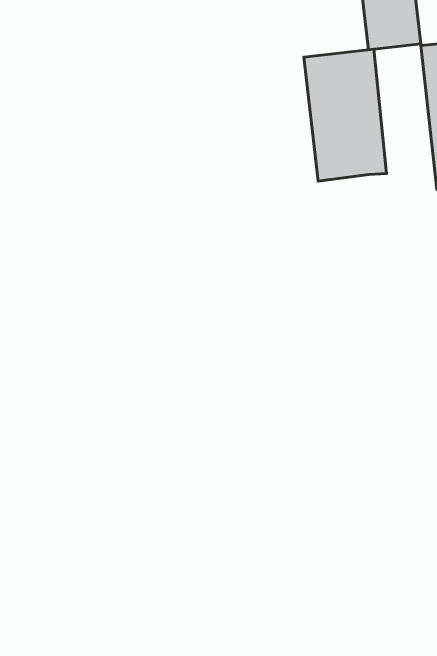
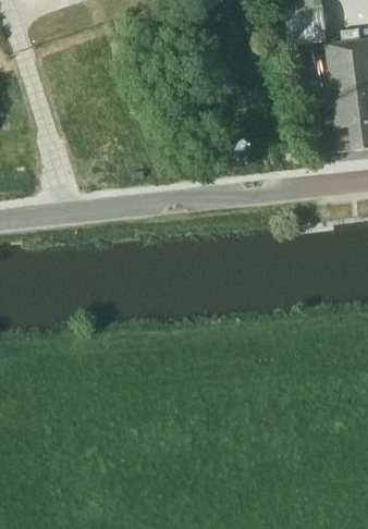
building: [304,49,387,181] -> none

